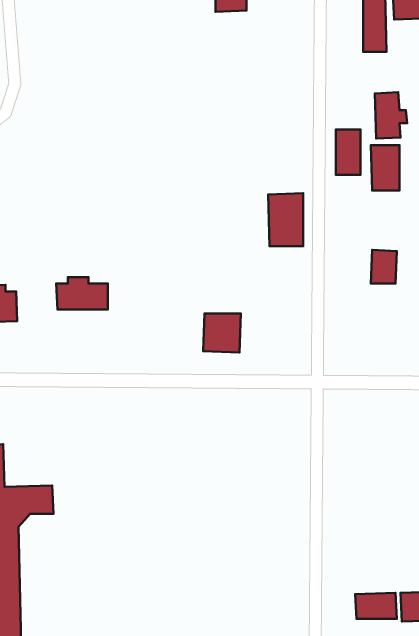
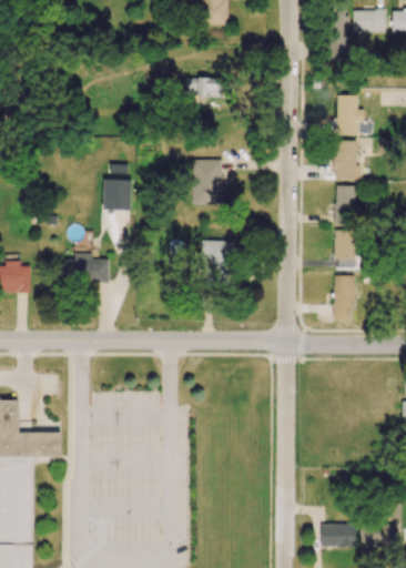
building: none -> [185,78,222,98]
building: [336,129,361,175] -> [335,186,356,225]
building: none -> [103,180,132,211]
building: [268,193,303,246] -> [192,160,222,205]
building: none -> [334,276,354,320]
building: [203,314,241,352] -> [201,241,233,274]

